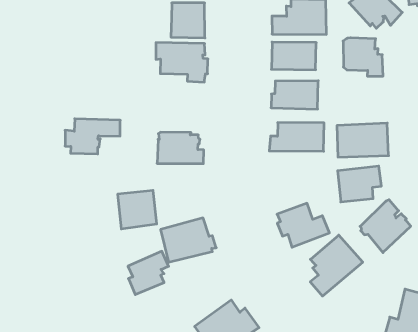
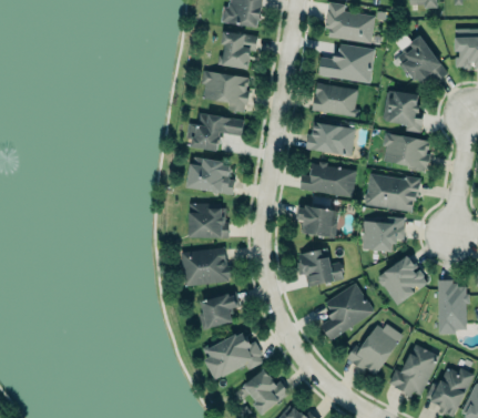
building: none -> [382,131,430,172]
building: [65,119,120,154] -> [186,112,244,150]
building: none -> [298,204,337,237]
building: [118,190,157,229] -> [187,203,224,237]
building: [128,251,169,295] -> [199,290,240,329]
building: none -> [345,323,403,375]

